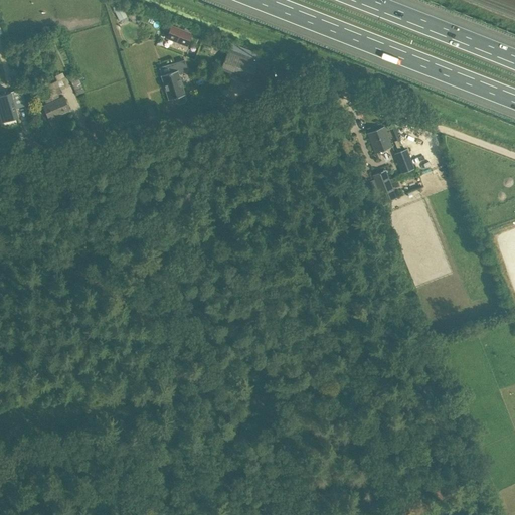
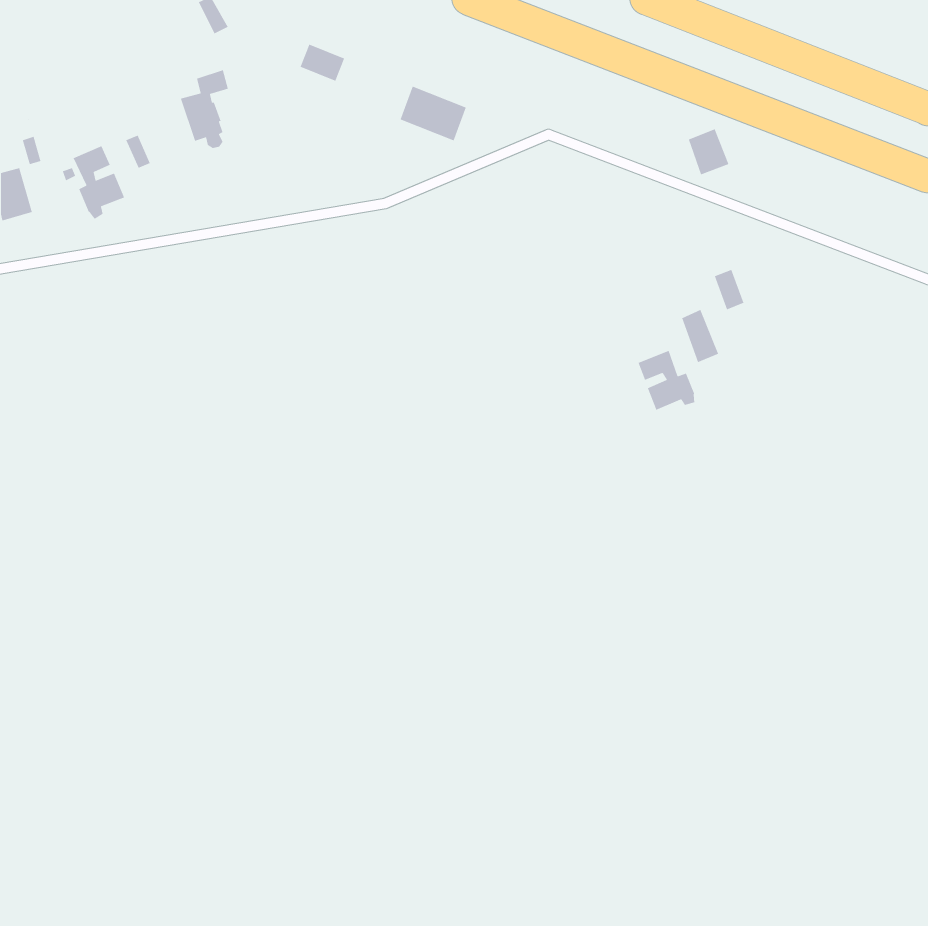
building: [161,57,188,102] -> [180,69,229,149]
building: [368,126,391,152] -> [688,128,730,175]
building: none -> [638,350,696,411]

